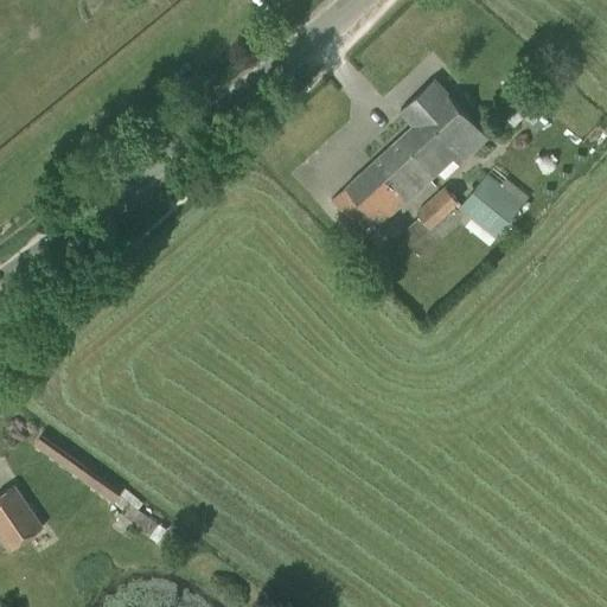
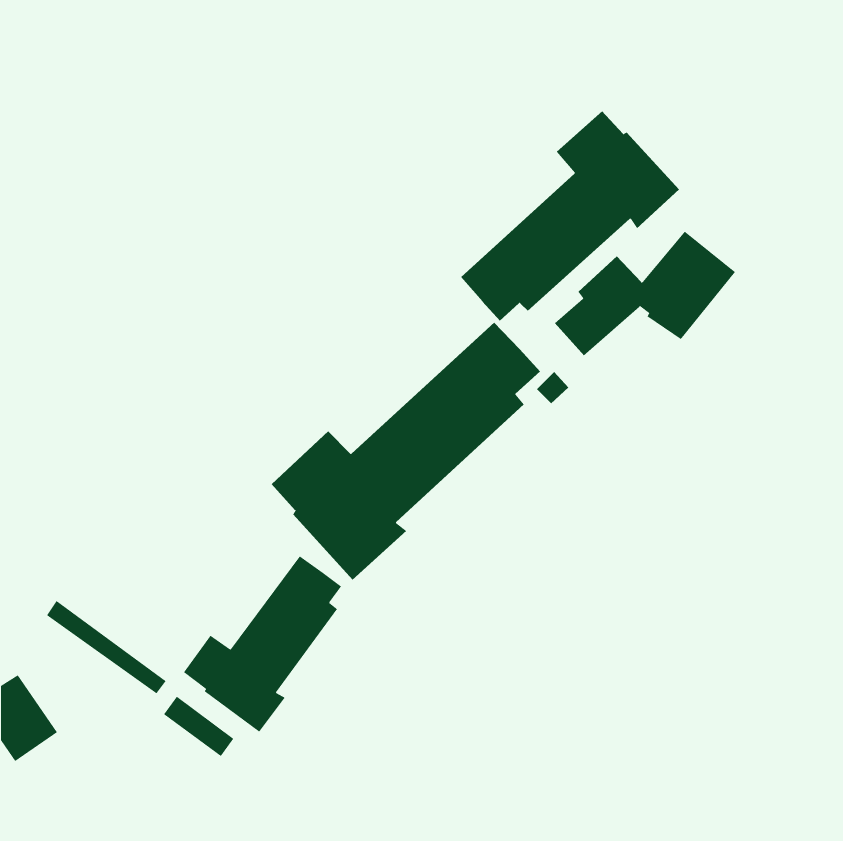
building: none -> [271,322,541,580]
building: none -> [183,556,342,733]

